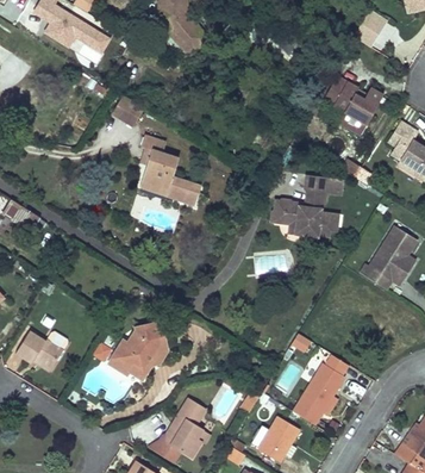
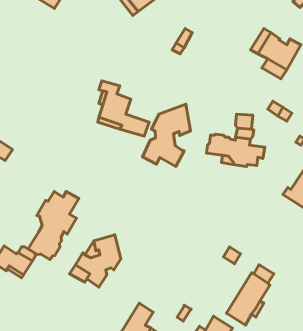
building: [111,94,143,125] -> none
building: none -> [142,104,190,166]
building: none -> [28,191,79,260]

